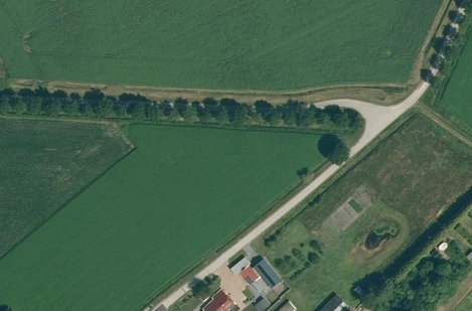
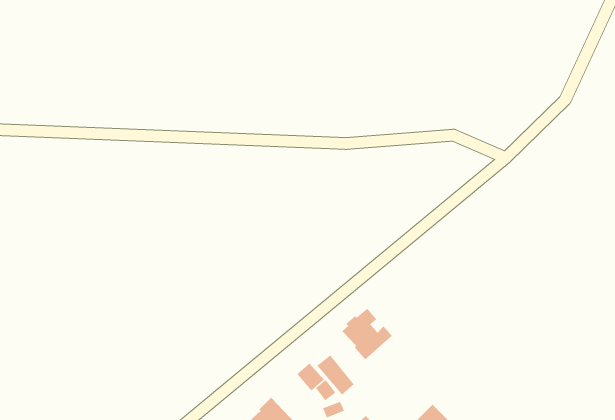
building: none -> [341,308,392,360]

